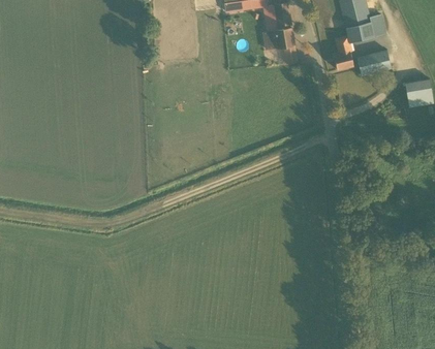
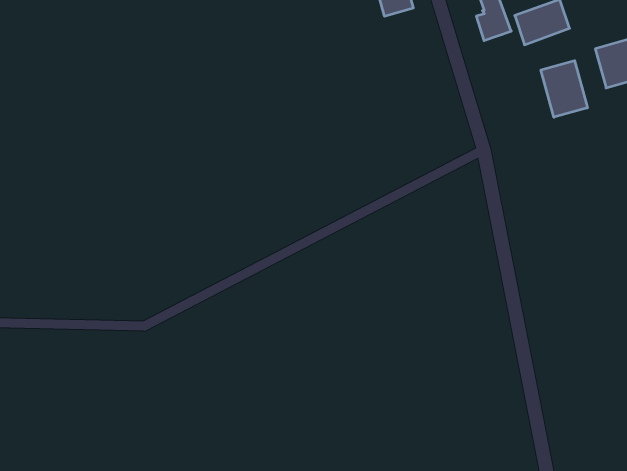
building: none -> [541,61,587,117]

